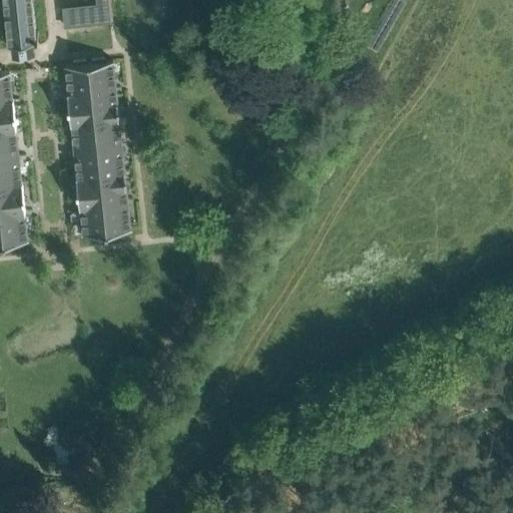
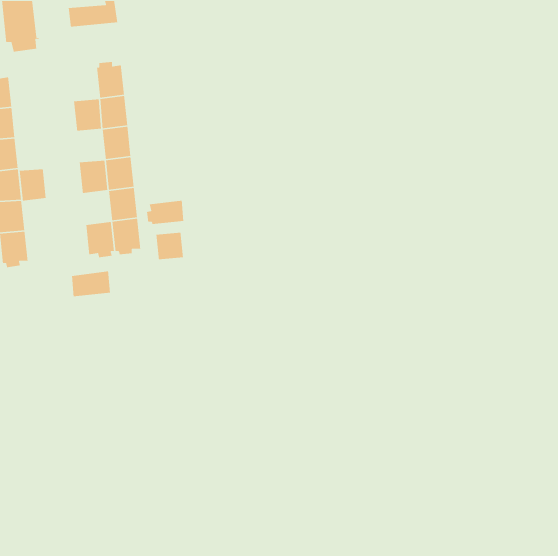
building: [64,61,91,95] -> none
building: [70,121,96,151] -> none
building: none -> [19,169,47,202]
building: [75,177,102,208] -> none
building: none -> [146,200,184,225]
building: none -> [155,232,184,260]
building: none -> [71,270,111,297]

